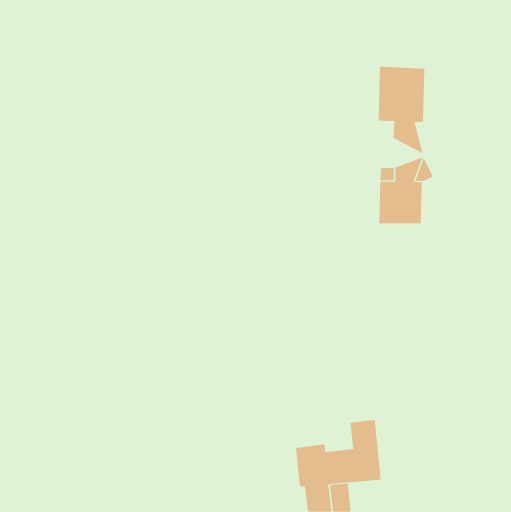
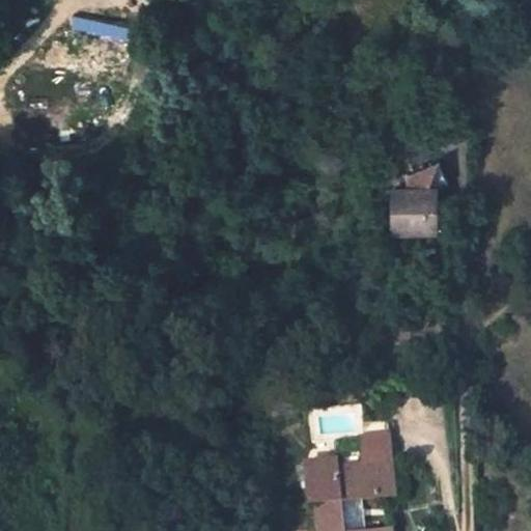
building: [378,66,425,154] -> none

